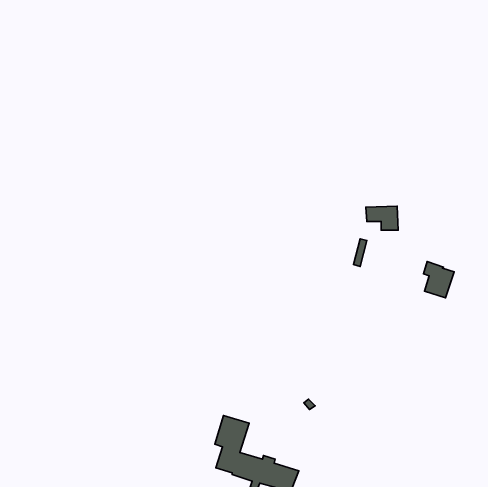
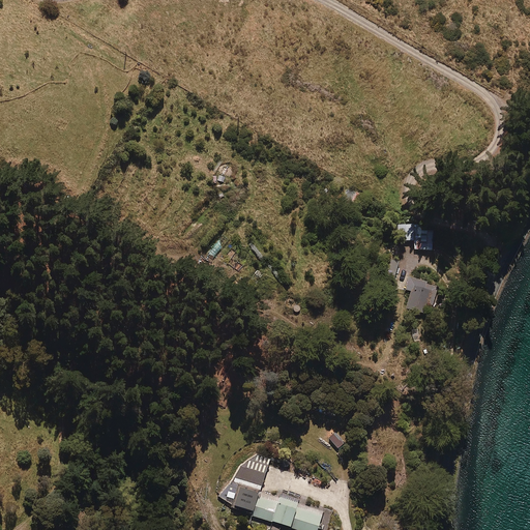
building: [423,261,454,298] -> [404,276,437,316]

